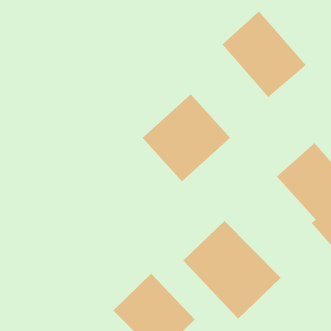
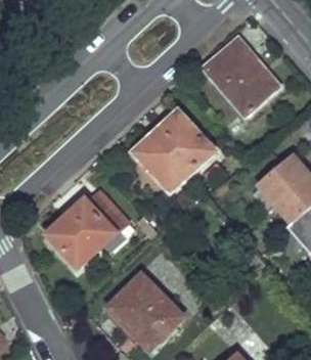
building: none -> [51,191,129,265]
building: [183,220,281,320] -> none

